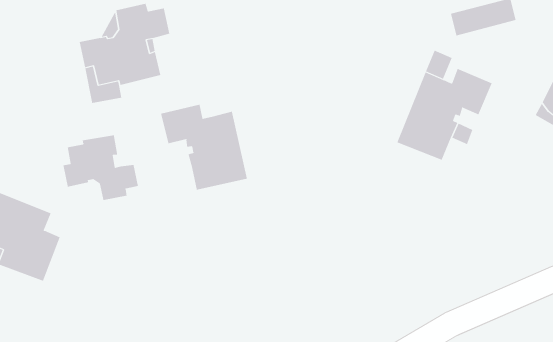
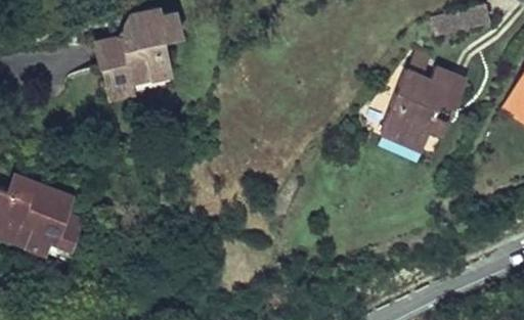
building: [160,104,247,190] -> none
building: [63,135,138,201] -> none

